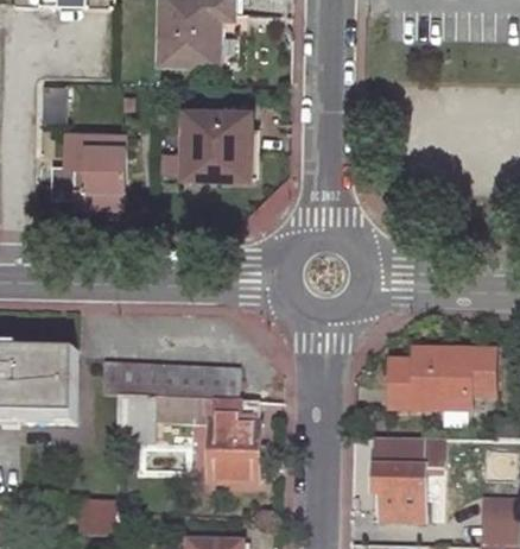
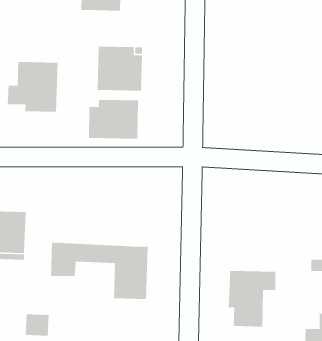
building: none -> [88,99,139,139]
building: [389,347,492,405] -> none
building: [96,362,232,399] -> none

